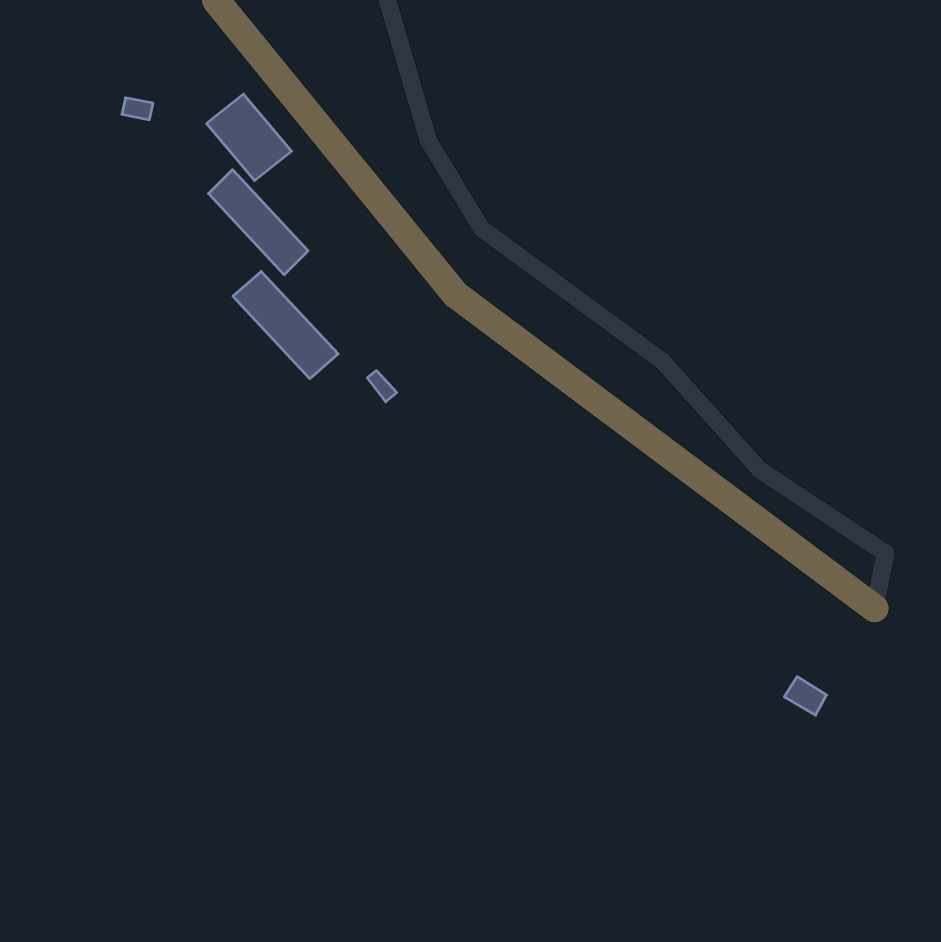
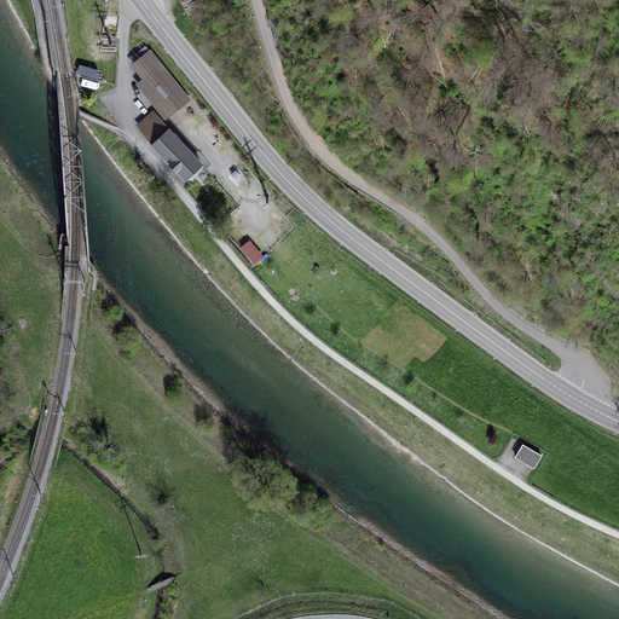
building: [233,271,338,379] -> none

